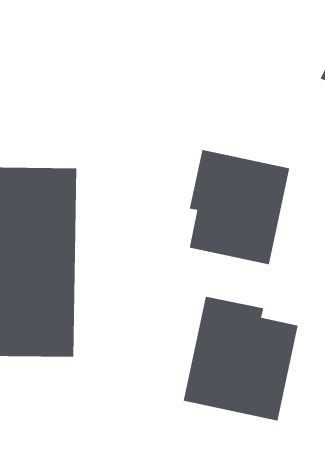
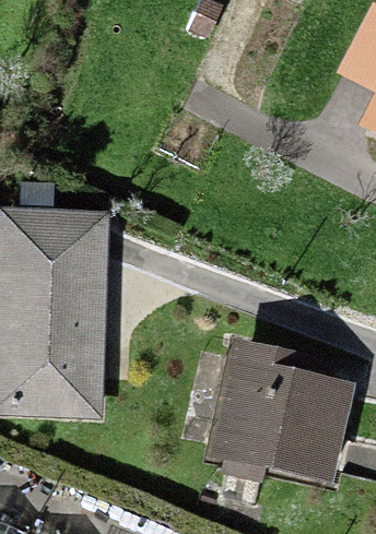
building: [189,149,290,265] -> none

